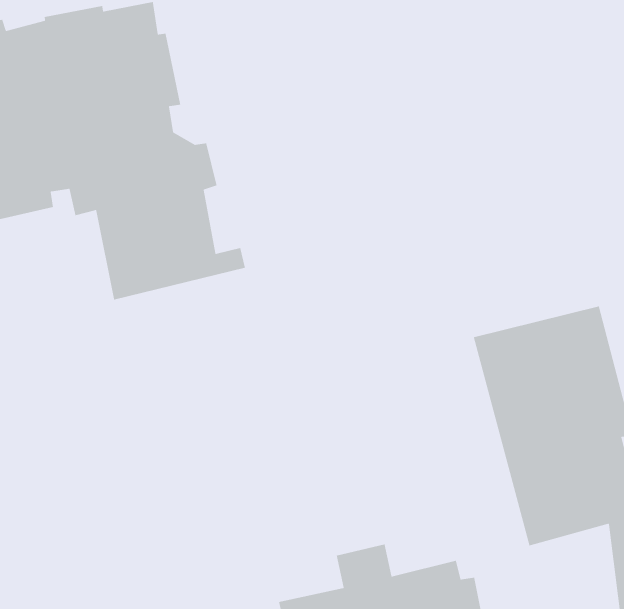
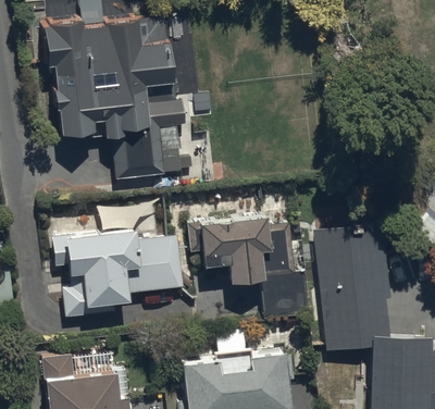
building: none -> [186,212,308,321]
building: none -> [49,226,182,318]

